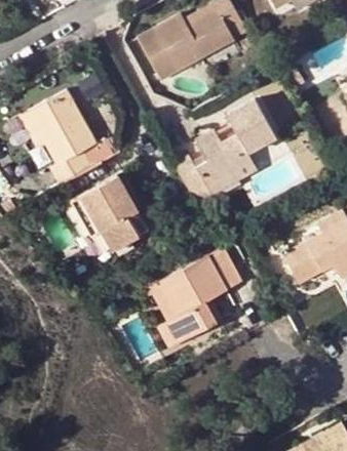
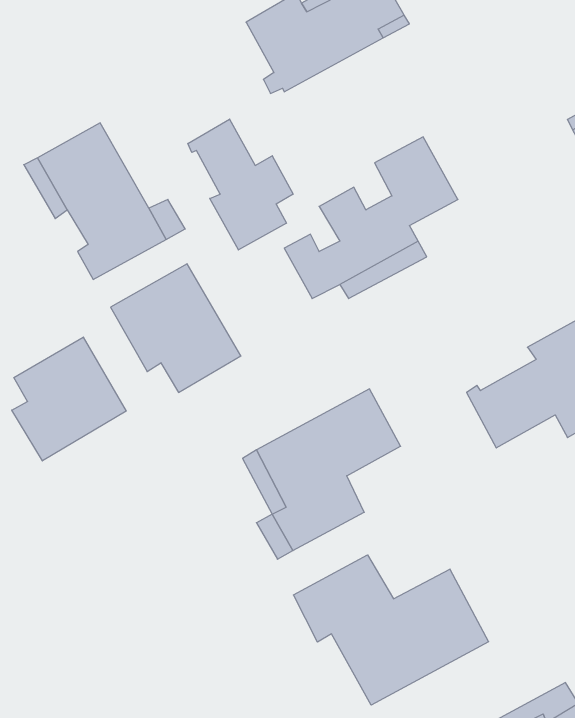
building: none -> [188,119,293,250]
building: none -> [12,337,126,461]
building: none -> [293,555,489,705]

